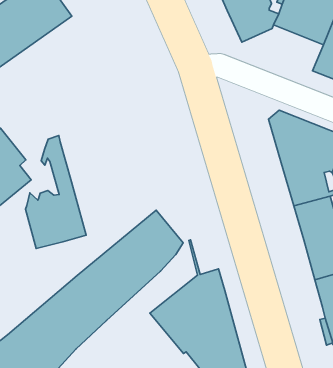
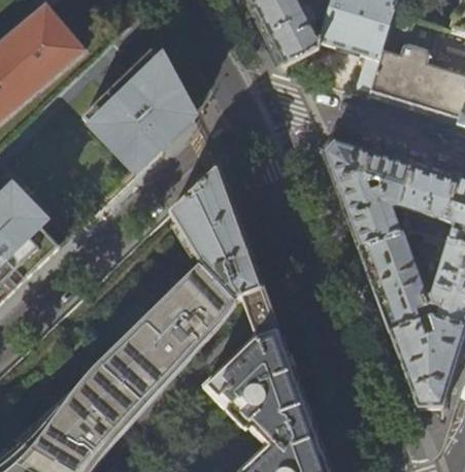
building: none -> [81,50,187,167]
building: none -> [164,162,278,335]
building: [25,136,86,248] -> none

